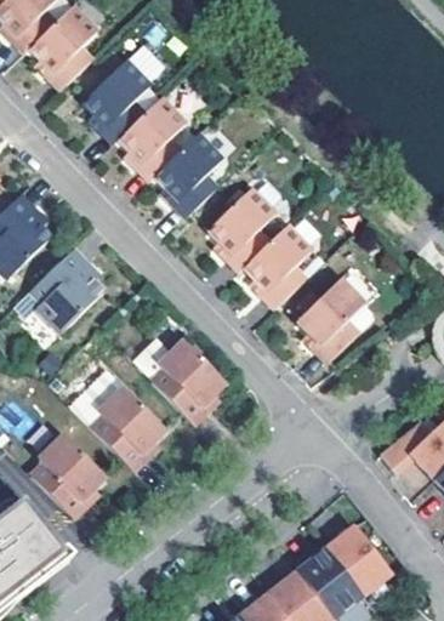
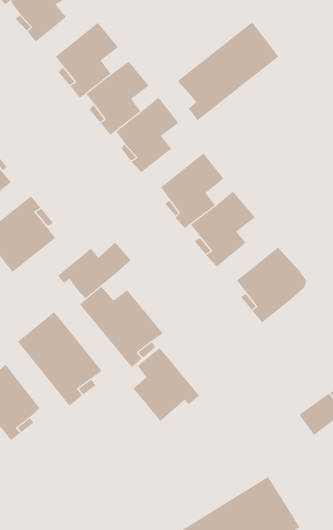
building: none -> [177,22,279,121]
building: none -> [57,242,132,299]
building: none -> [133,347,200,422]

